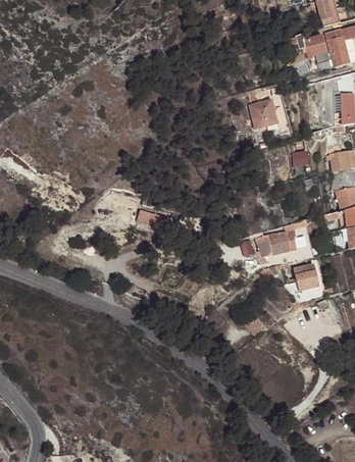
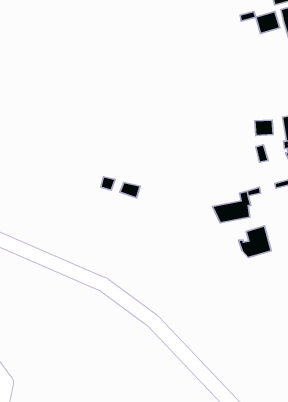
building: [249,99,276,127] -> none

